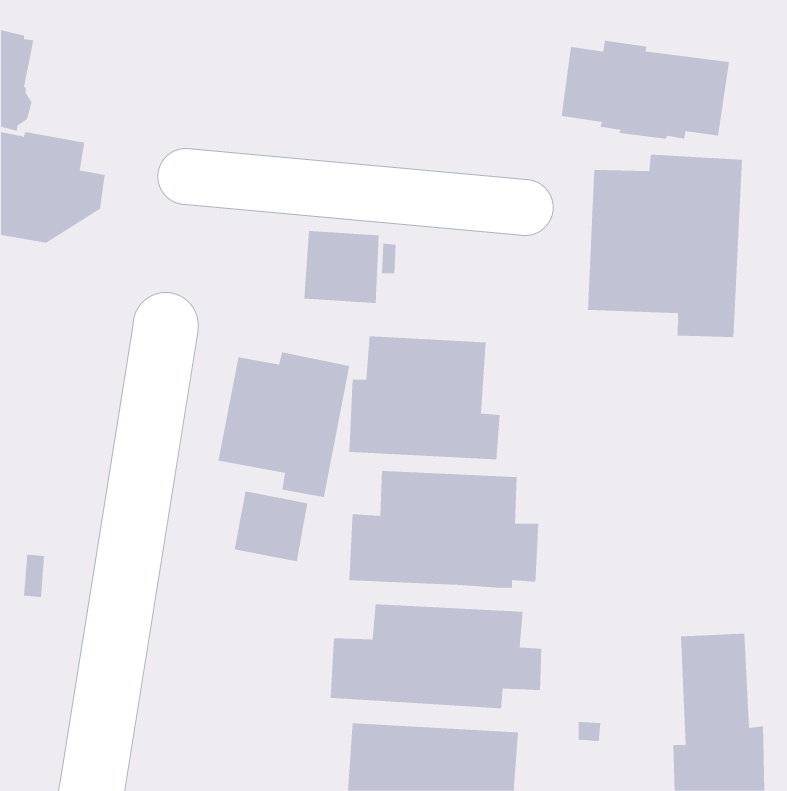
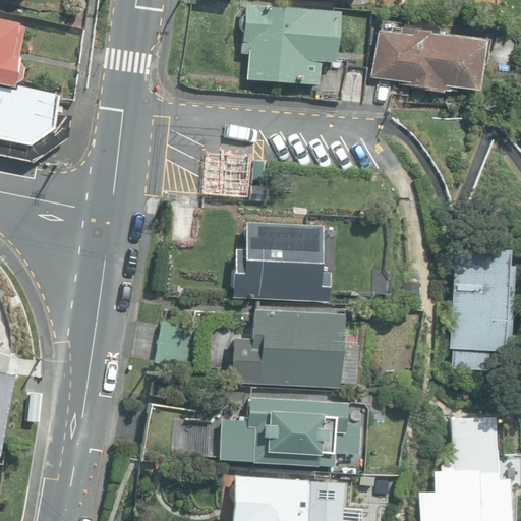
building: none -> [241,5,338,84]
building: [587,154,742,338] -> none
building: [218,352,350,498] -> none
building: none -> [449,248,514,370]

